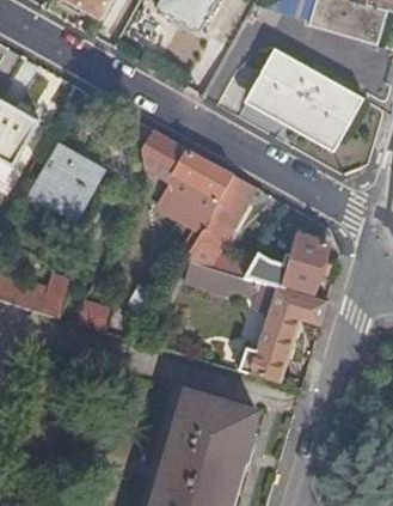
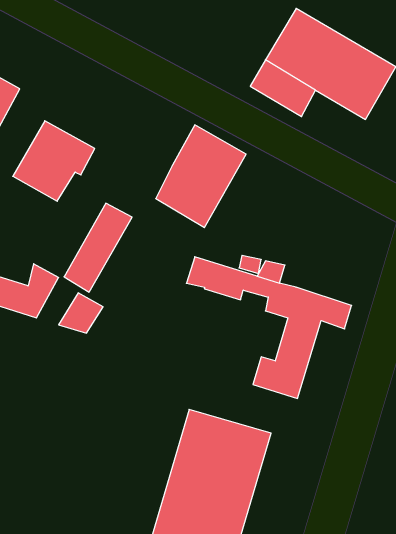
building: [143,130,189,185] -> none
building: [197,176,256,252] -> [64,203,132,292]
building: [282,237,325,293] -> none

